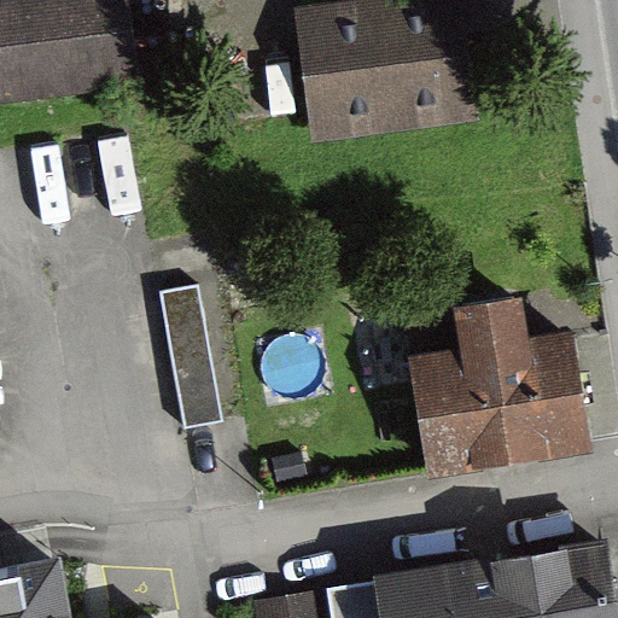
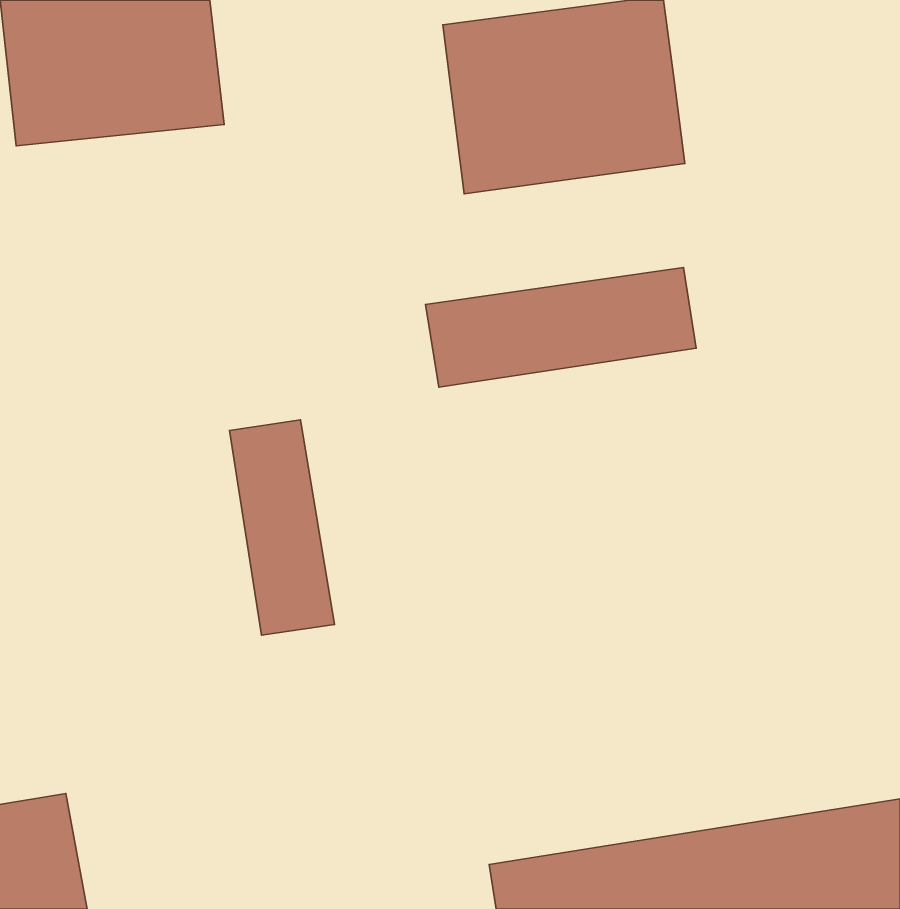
building: none -> [426,268,696,387]
building: [404,299,579,465] -> none

